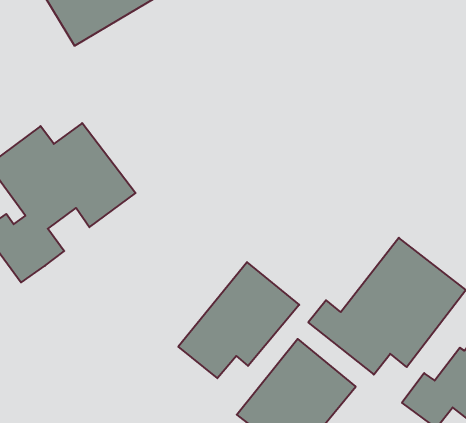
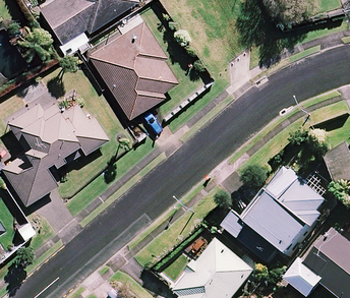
building: none -> [83,17,168,113]
building: [178,262,299,378] -> none

